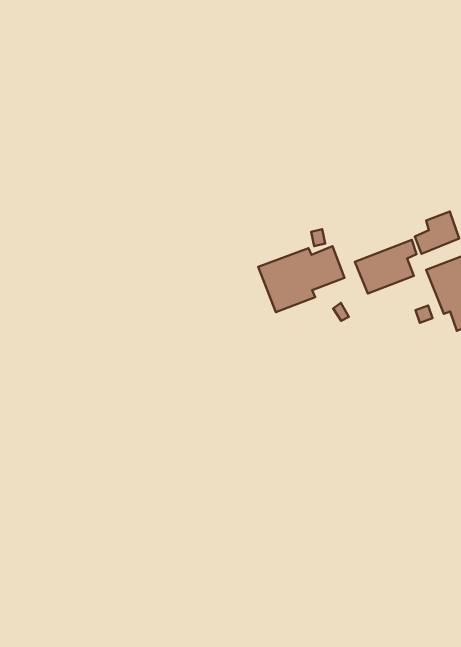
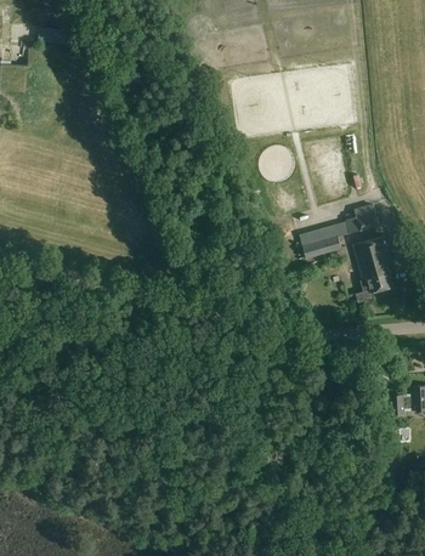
building: [258,246,345,312] -> none

